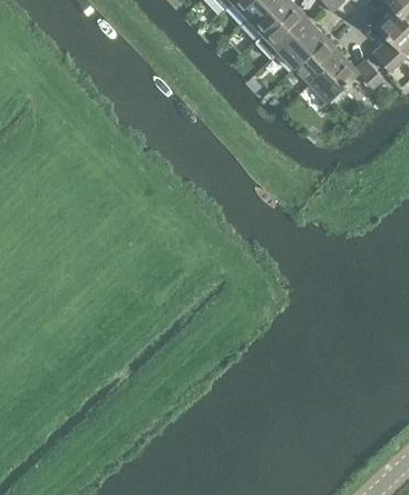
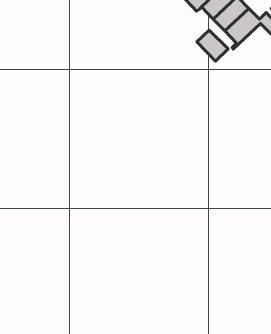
building: none -> [197,30,228,61]

